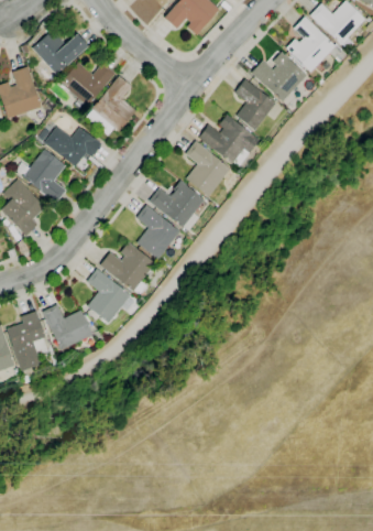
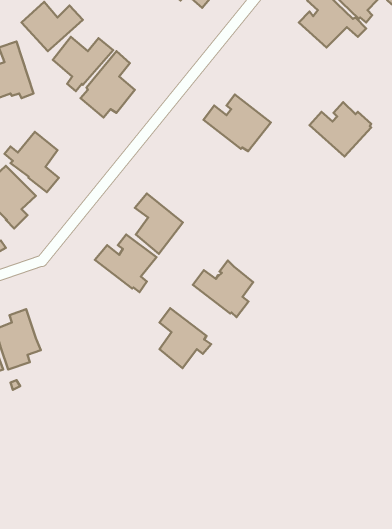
building: [251,52,307,101] -> [310,102,371,156]
building: [234,78,276,130] -> none
building: [44,127,101,166] -> none
building: [186,141,230,196] -> none
building: [149,180,204,231] -> [193,261,253,317]
building: [87,269,134,324] -> [159,308,211,368]
building: [42,304,94,356] -> none

